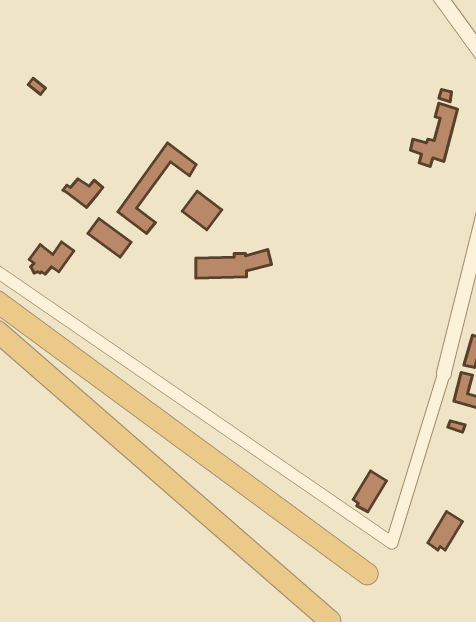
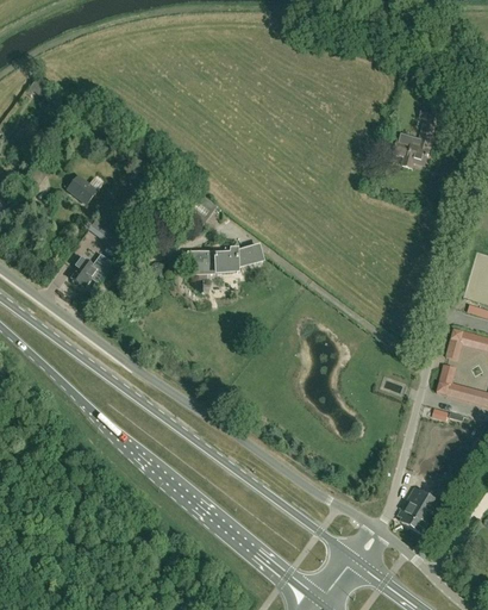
building: [118,143,196,233] -> none
building: [29,242,74,274] -> [68,255,111,286]
building: [353,471,387,512] -> [398,487,430,527]

